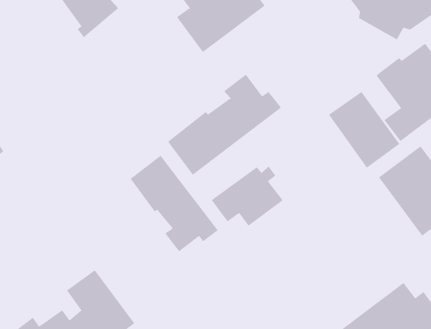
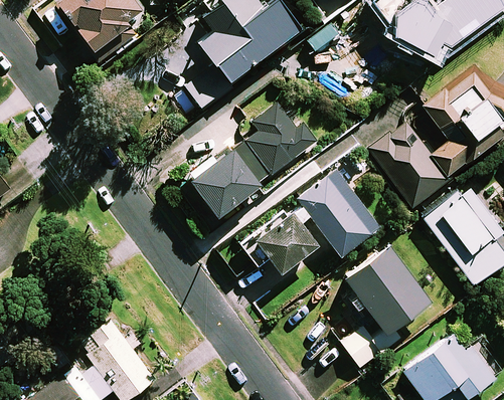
building: none -> [297,169,379,255]
building: [130,155,218,252] -> none
building: none -> [341,244,430,369]

